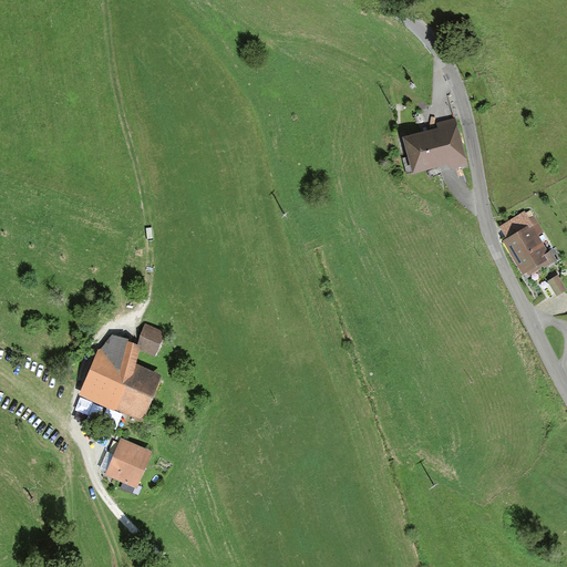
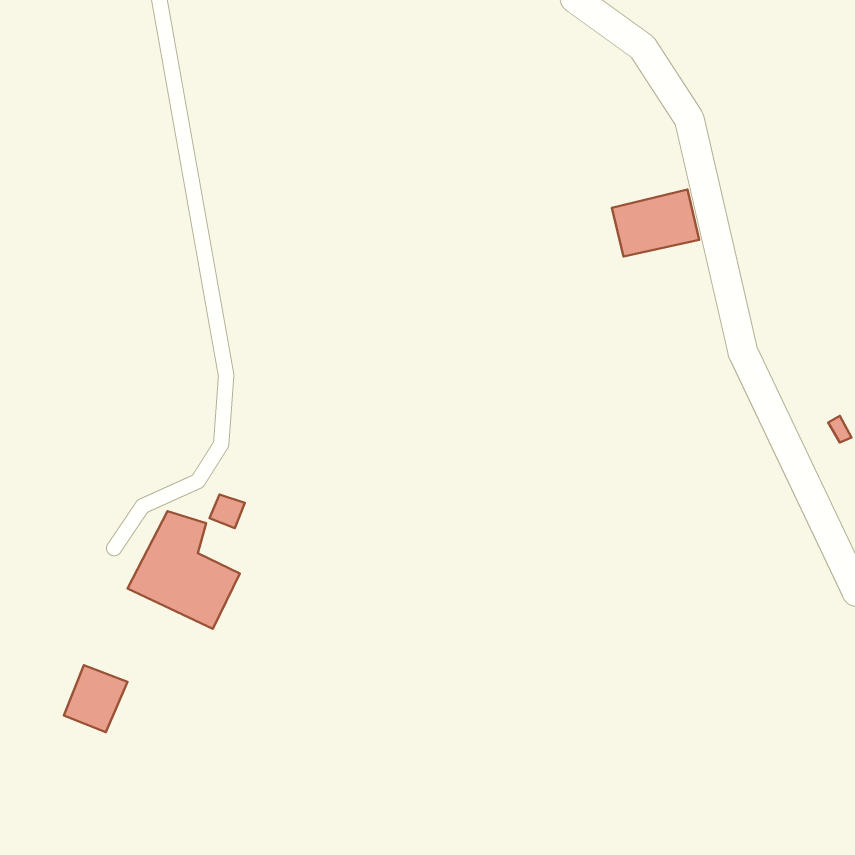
building: [501,215,548,272] -> none
building: [107,440,150,484] -> [64,665,128,732]

